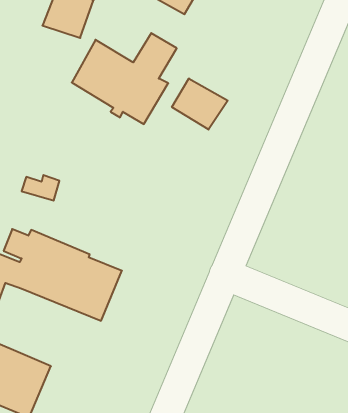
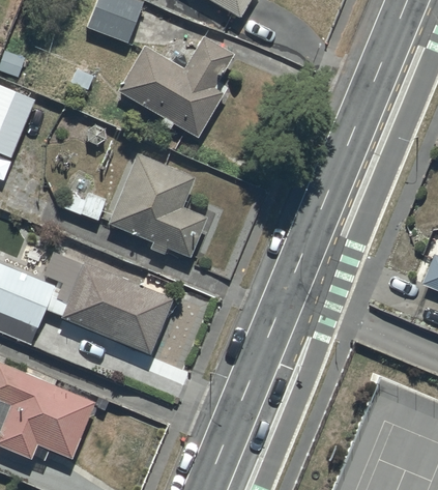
building: [172,78,228,130] -> none
building: none -> [107,153,205,257]

